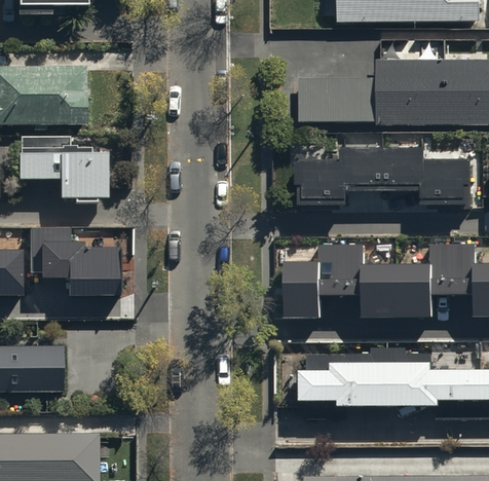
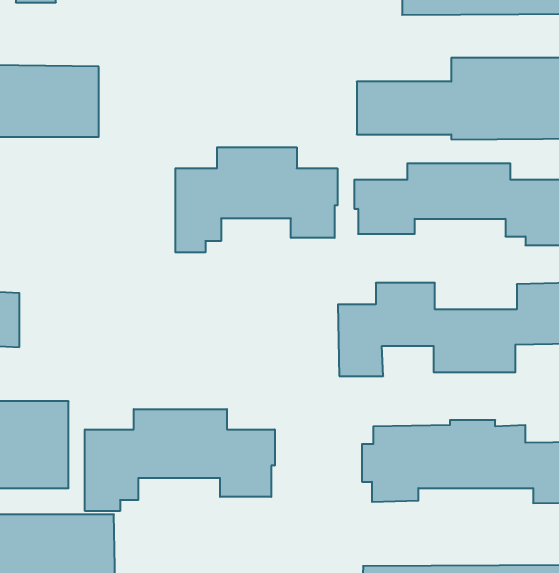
building: none -> [175,147,337,252]
building: [20,136,108,200] -> none
building: [32,229,121,294] -> none
building: none -> [85,409,275,511]

